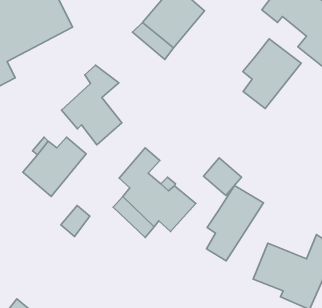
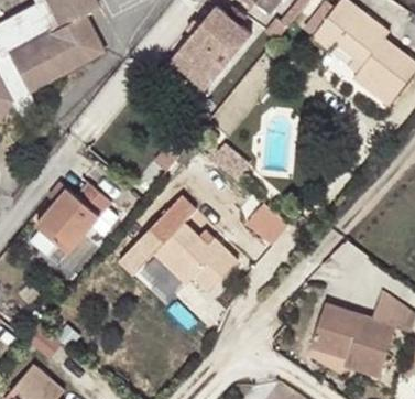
building: [243,39,301,108] -> none
building: [62,65,122,145] -> none
building: [206,186,264,261] -> none

